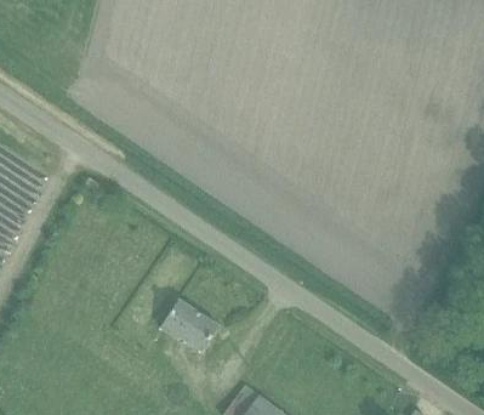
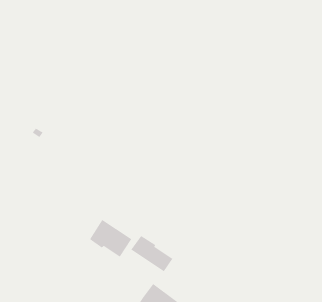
building: none -> [131,235,173,272]

